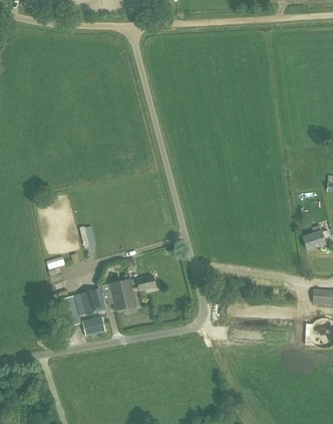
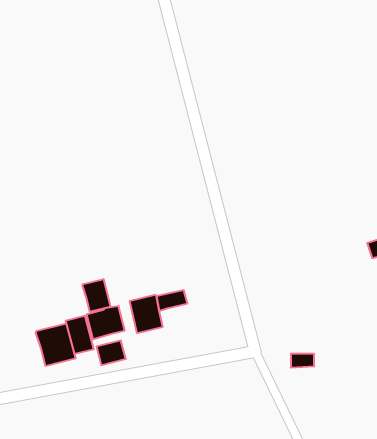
building: none -> [83,279,111,312]
building: none -> [36,323,75,366]

